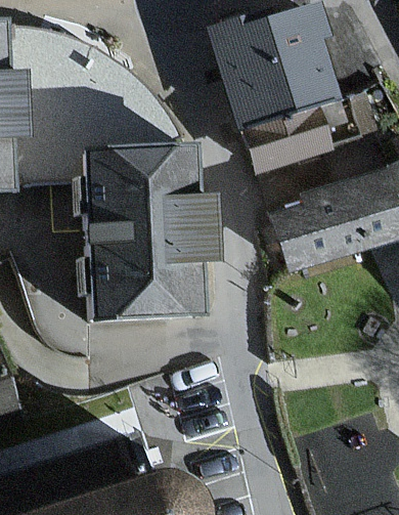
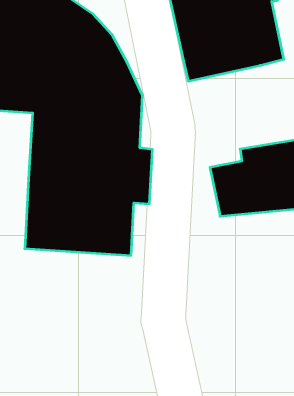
building: [240,102,330,169] -> none

